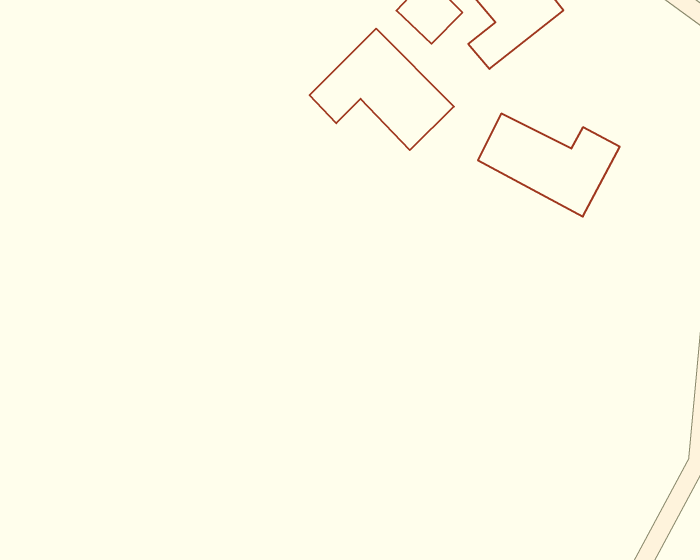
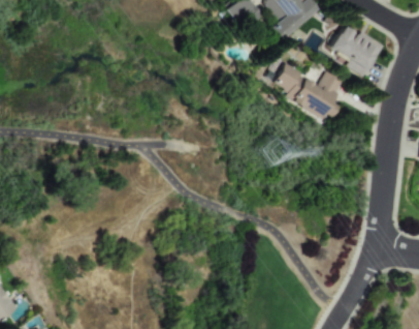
building: [310,29,454,150] -> none
building: none -> [327,23,383,73]

